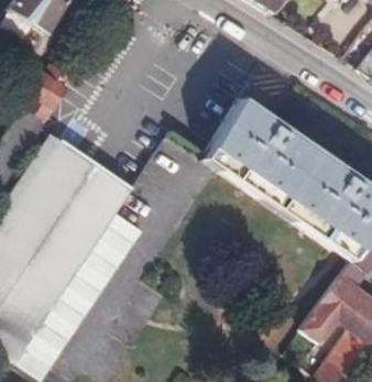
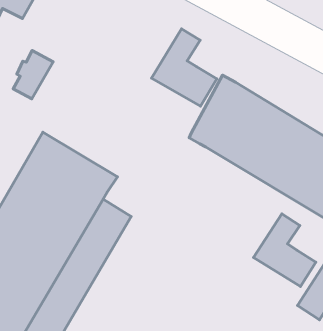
building: none -> [152,29,217,106]
building: none -> [254,214,316,286]

